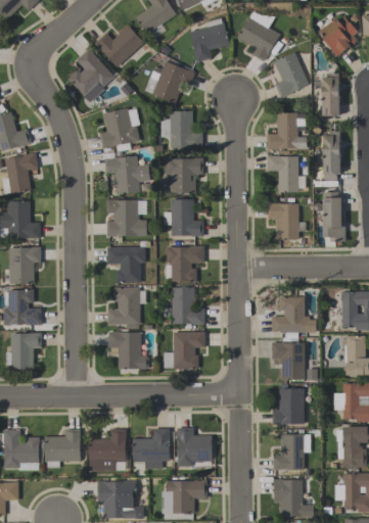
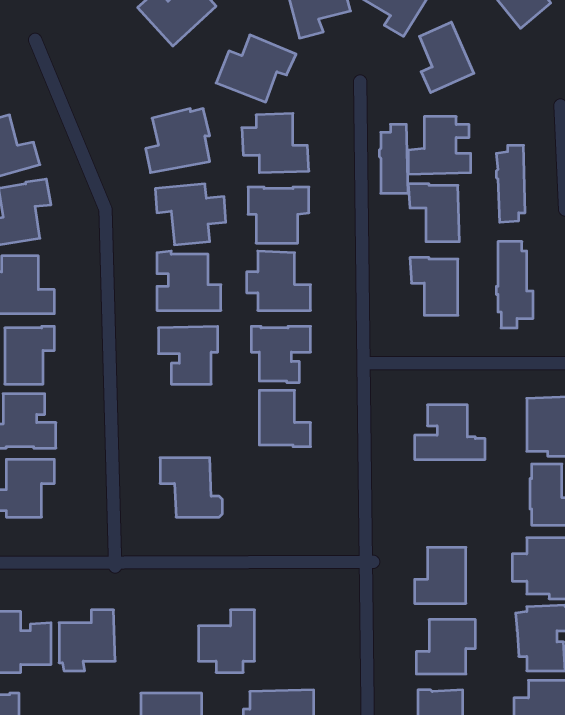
building: [68,49,114,102] -> none
building: [322,74,340,117] -> [379,124,408,193]
building: [108,287,140,324] -> none
building: [164,332,204,369] -> none
building: [271,341,304,379] -> none
building: [176,427,212,466] -> none
building: [89,428,125,470] -> none

